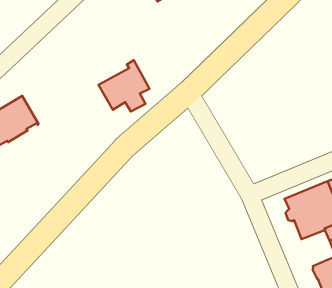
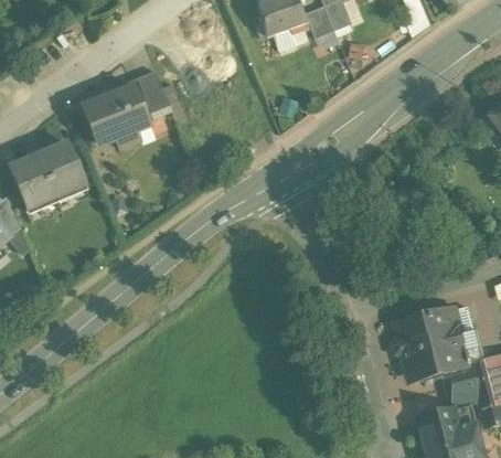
building: none -> [135,70,168,111]
building: [99,60,149,112] -> [79,78,146,146]

